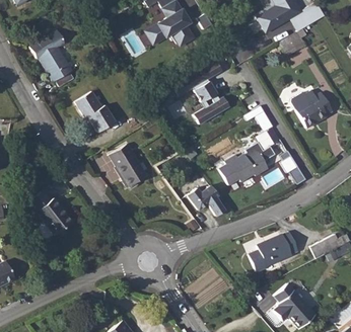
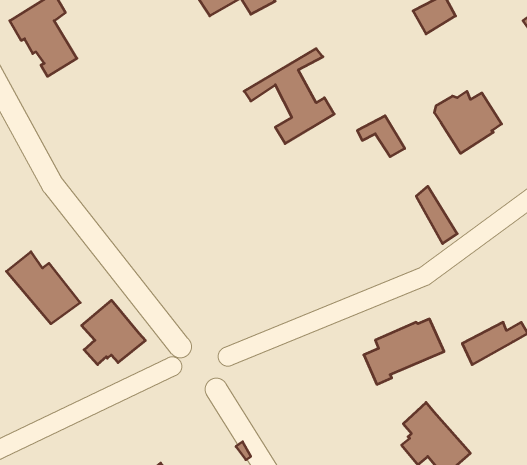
building: [72,92,112,133] -> none
building: [108,143,146,187] -> none
building: [217,145,275,186] -> none
building: [189,188,227,218] -> none
building: none -> [82,300,145,365]

